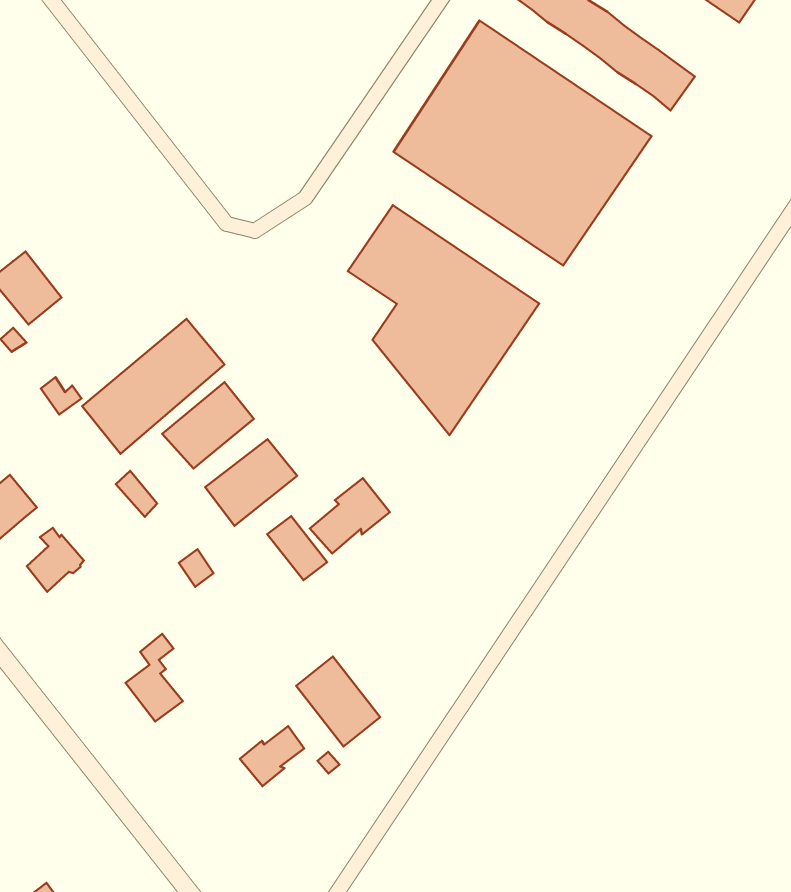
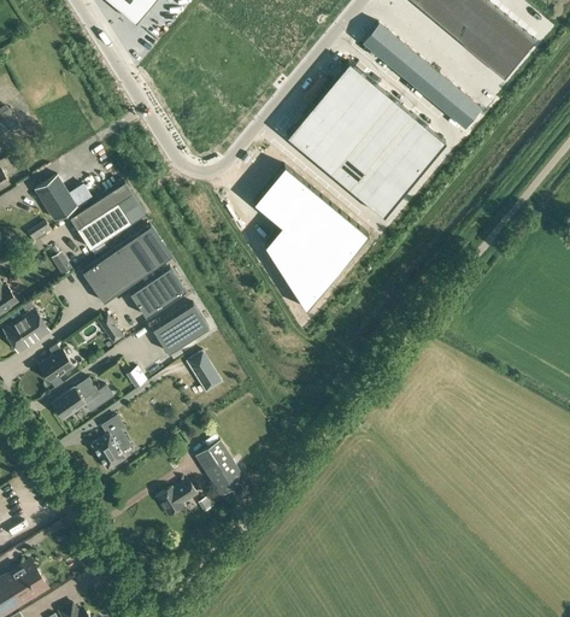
building: none -> [69,182,145,249]
building: [310,478,390,553] -> none
building: none -> [52,377,113,424]

